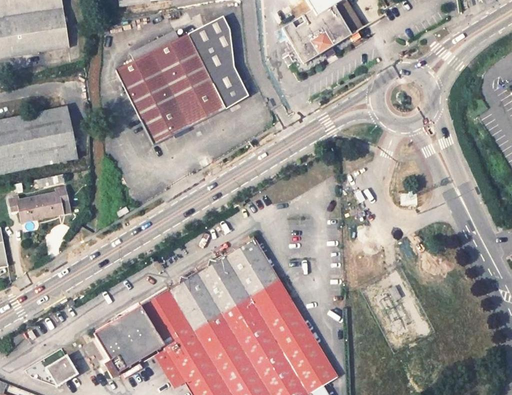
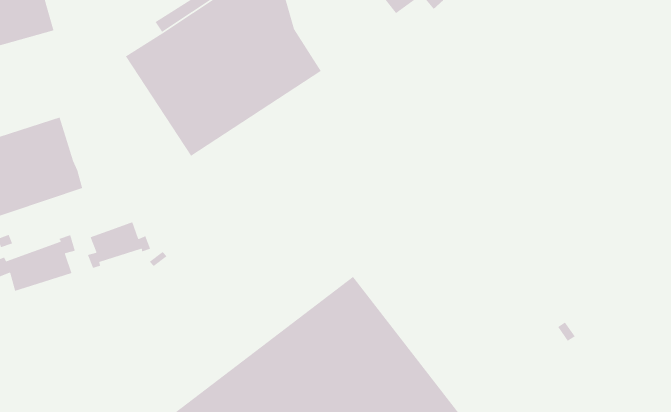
building: none -> [87,221,151,269]

